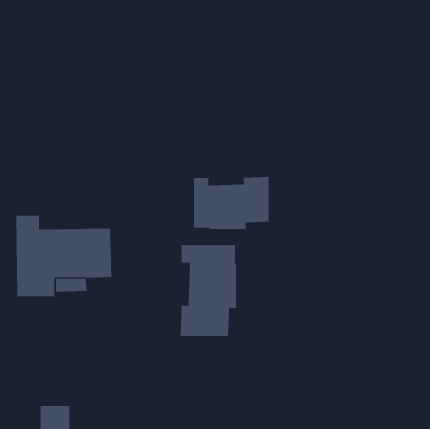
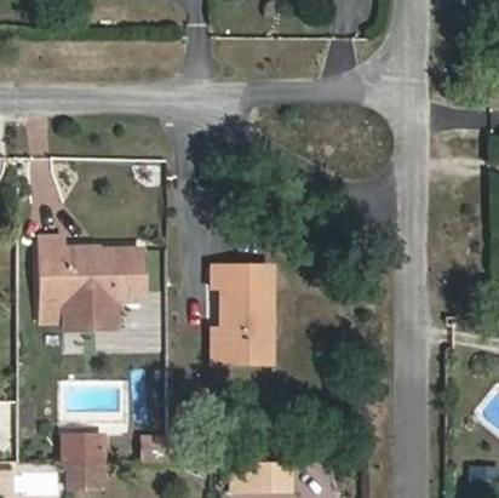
building: [194,176,269,230] -> none

